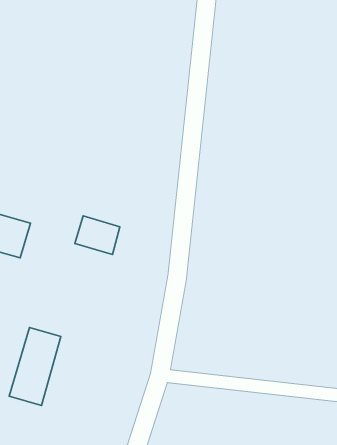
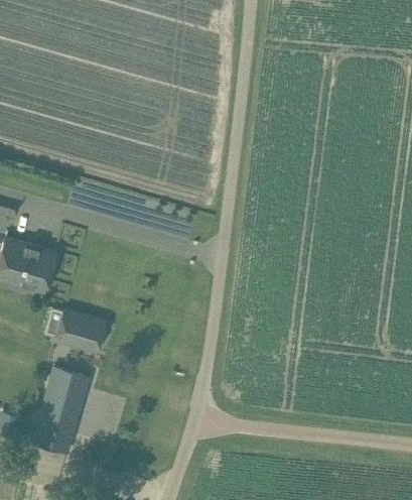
building: [75,216,120,254] -> [54,309,104,352]

